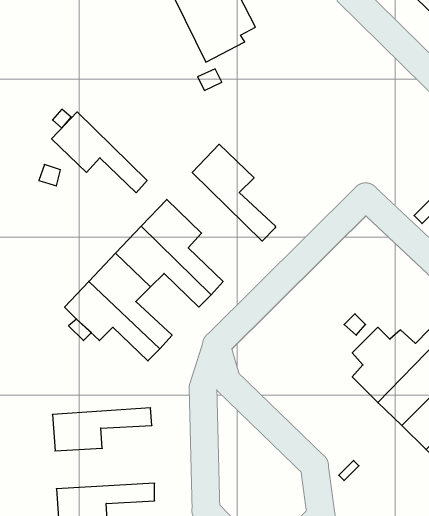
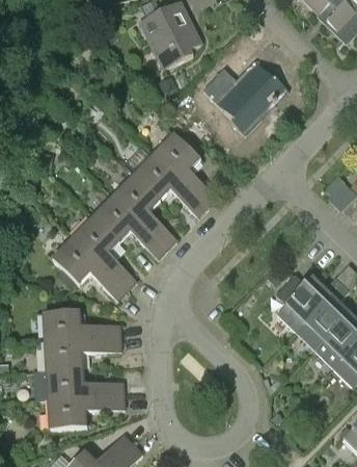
building: none -> [201,59,287,133]
building: [52,112,147,193] -> [132,154,205,216]
building: none -> [42,309,119,341]
building: none -> [46,367,122,398]

